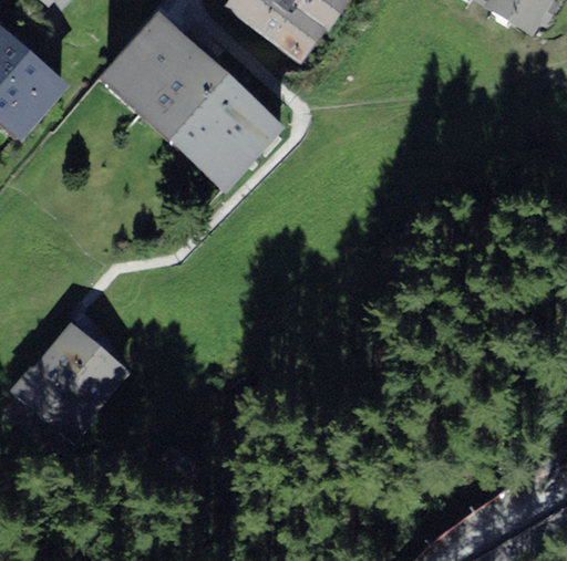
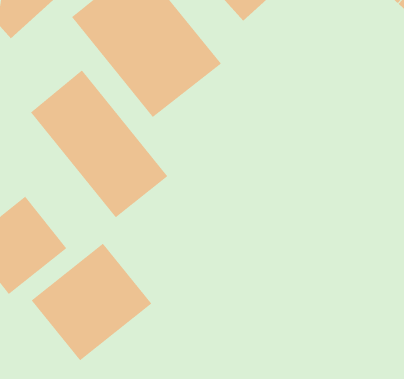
building: none -> [30,69,168,218]
building: none -> [31,243,152,361]

